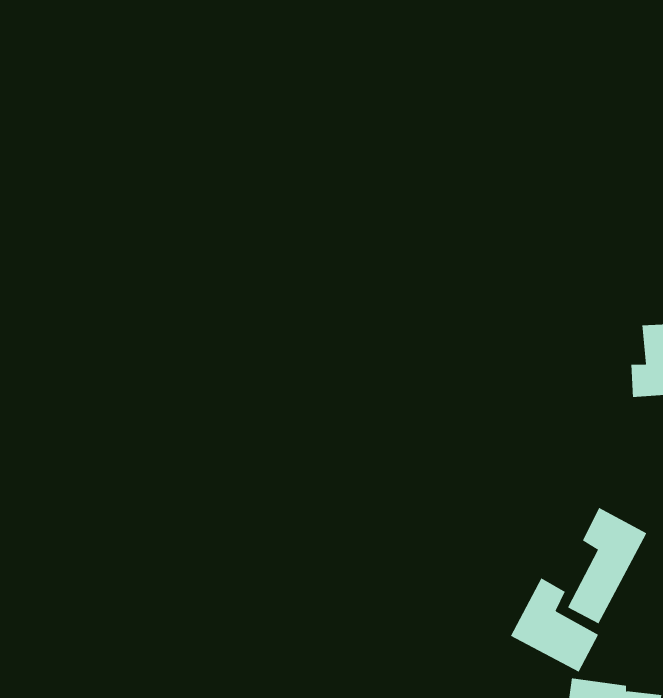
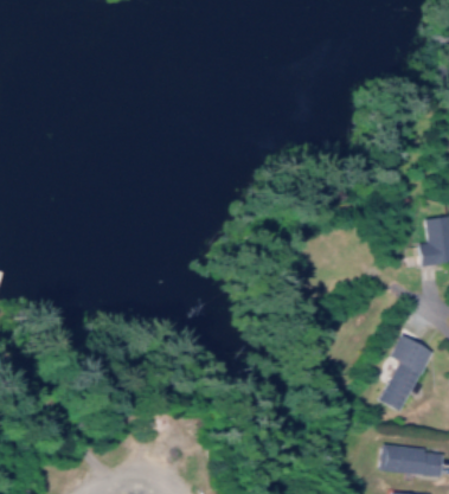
building: [510,577,599,673] -> none

